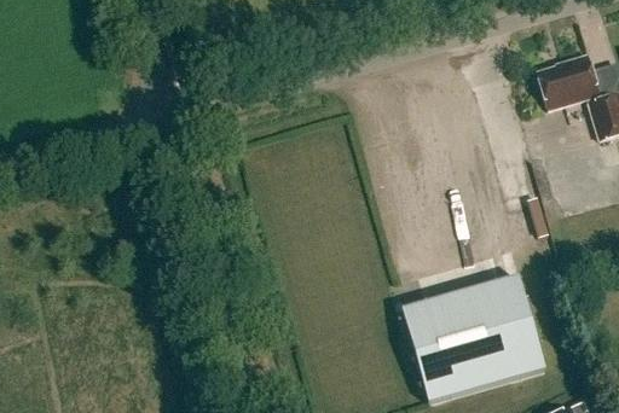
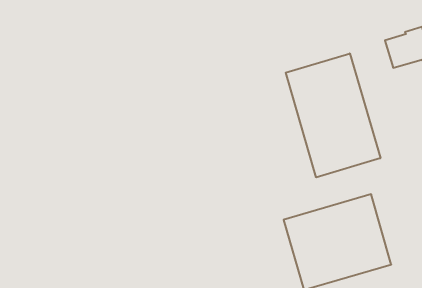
building: none -> [286,53,380,177]

